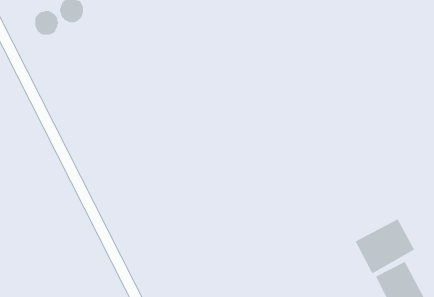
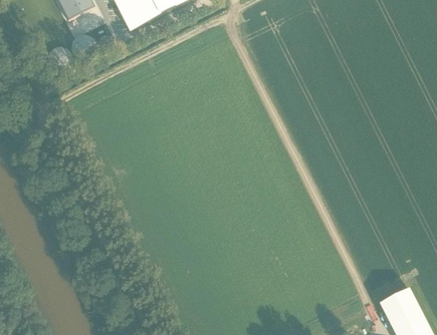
building: [355,219,415,274] -> none

